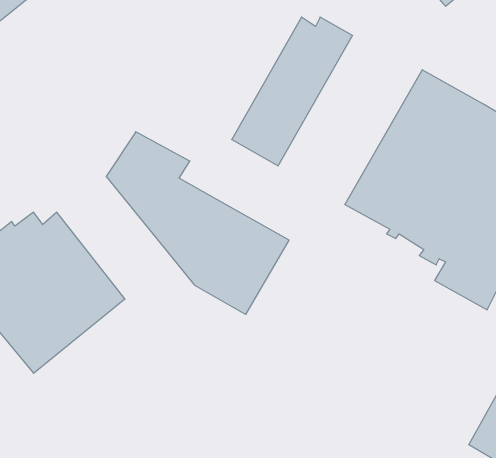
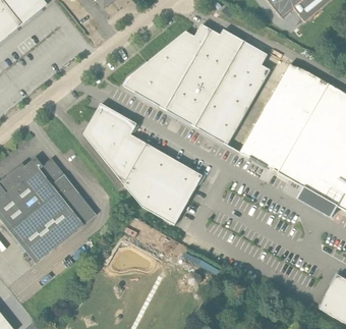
building: none -> [123,23,211,109]
building: none -> [195,41,270,145]

